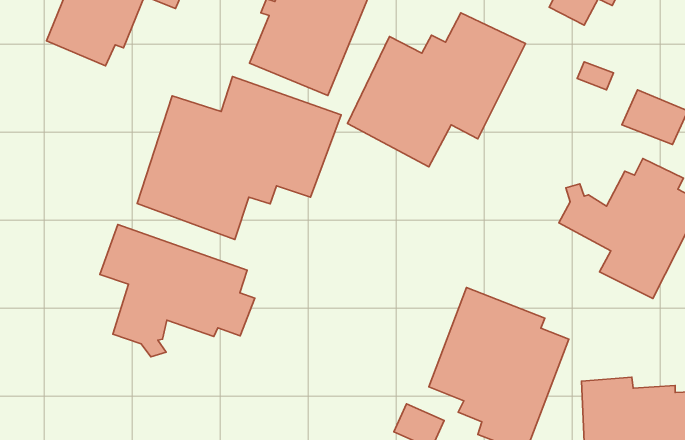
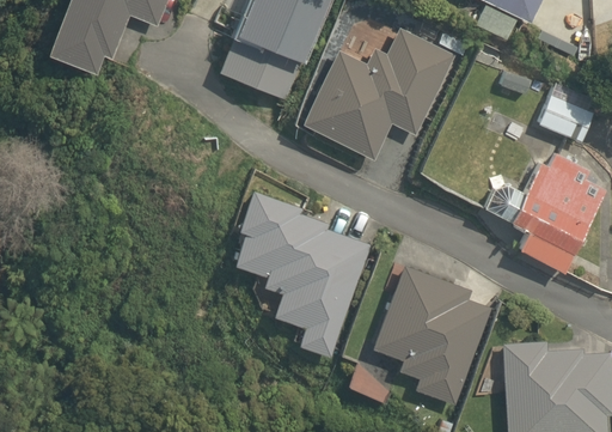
building: [137,76,341,240] -> none
building: none -> [234,190,369,357]
building: [100,224,255,357] -> none

